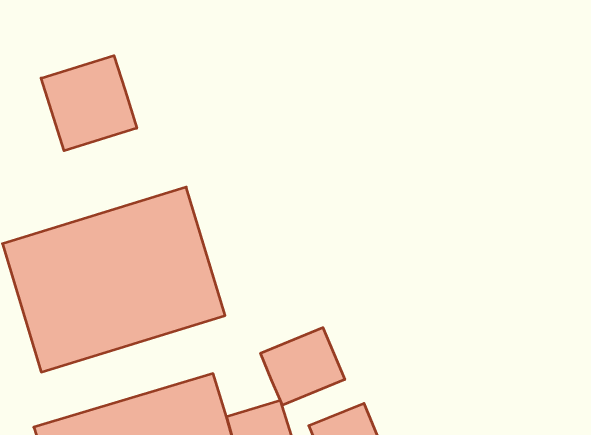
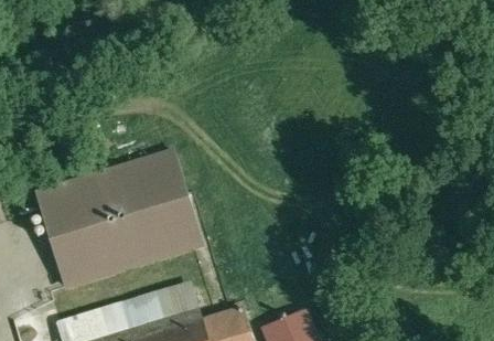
building: [41,56,137,151] -> none
building: [261,328,345,405] -> none

